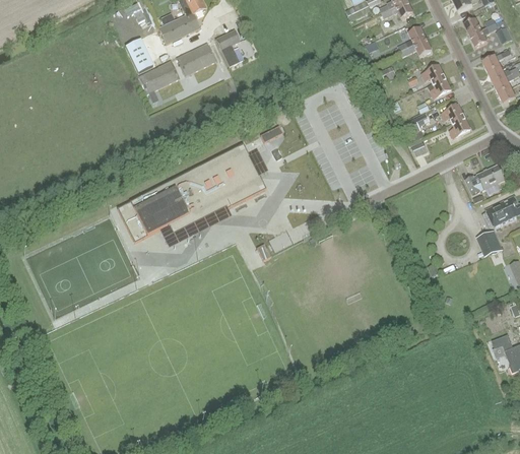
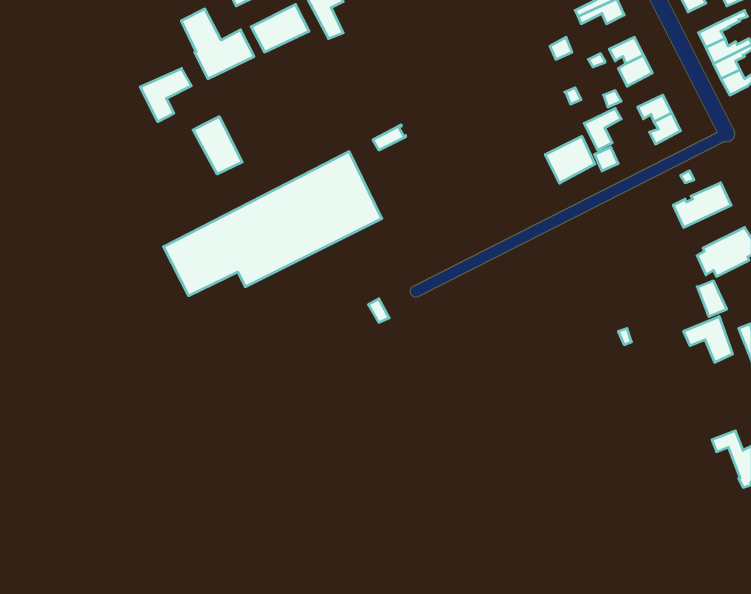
building: none -> [140,68,191,122]
building: none -> [193,117,242,174]
building: none -> [545,136,595,183]
building: none -> [684,316,733,362]

